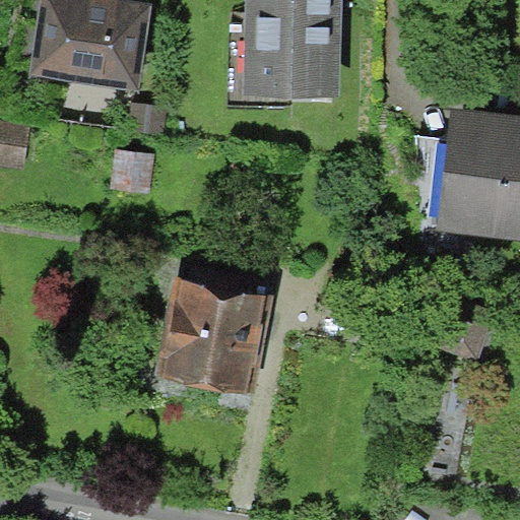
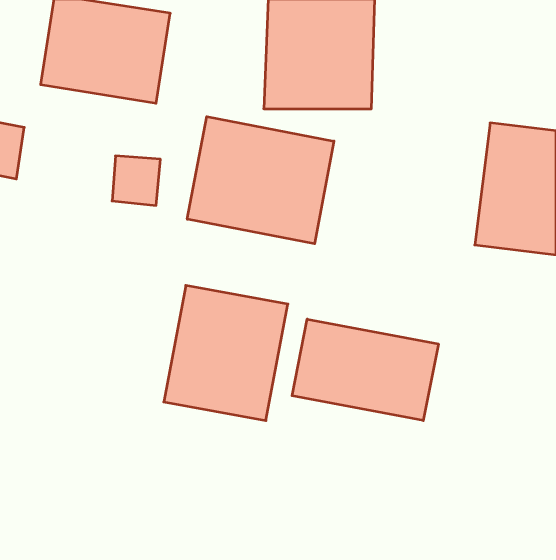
building: none -> [187,117,334,244]
building: none -> [292,319,438,421]

